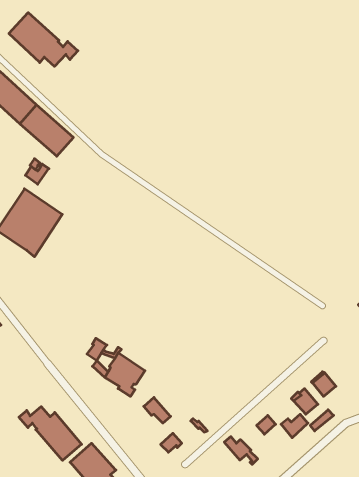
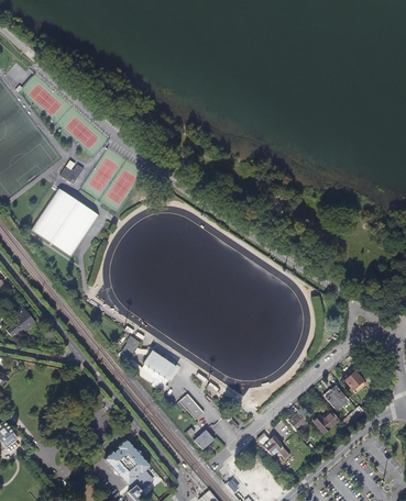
building: [9,13,78,66] -> none
building: [19,407,82,460] -> none

